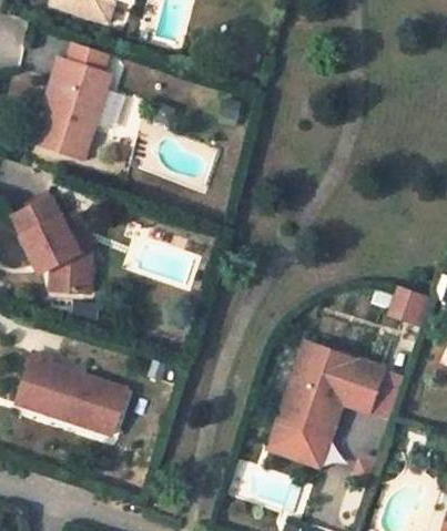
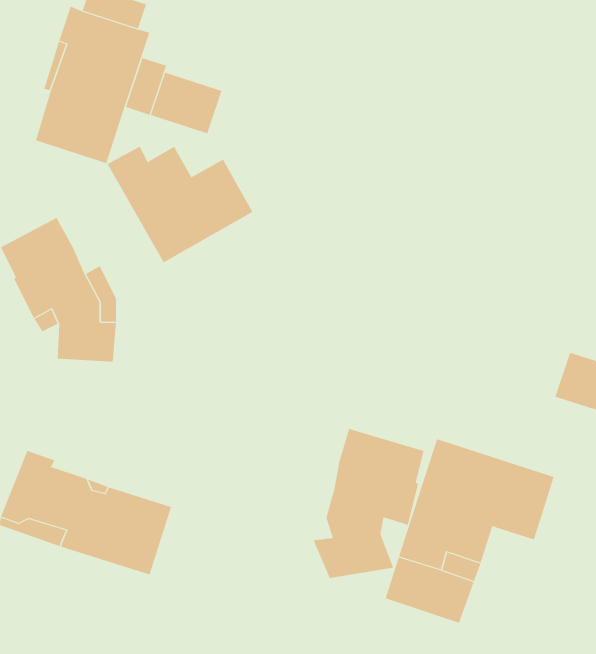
building: none -> [150,72,222,134]
building: none -> [107,146,253,263]
building: none -> [313,428,424,579]

